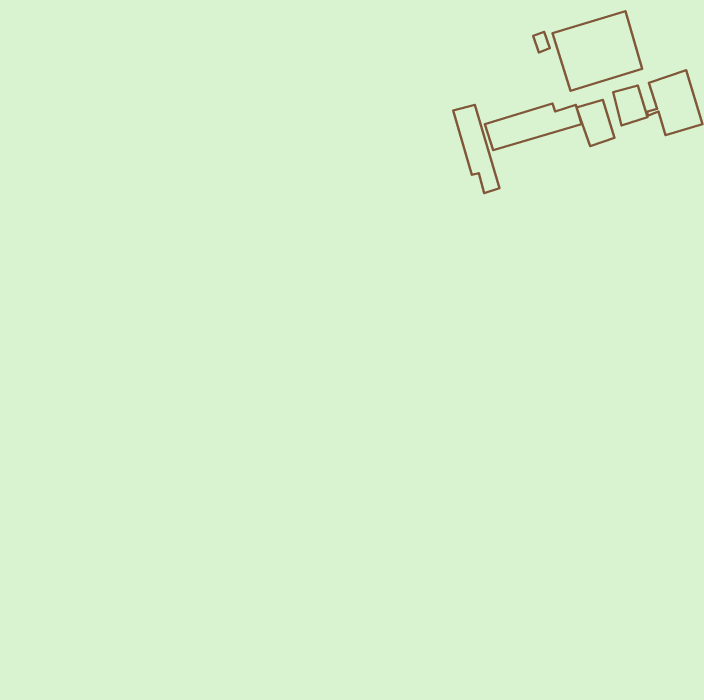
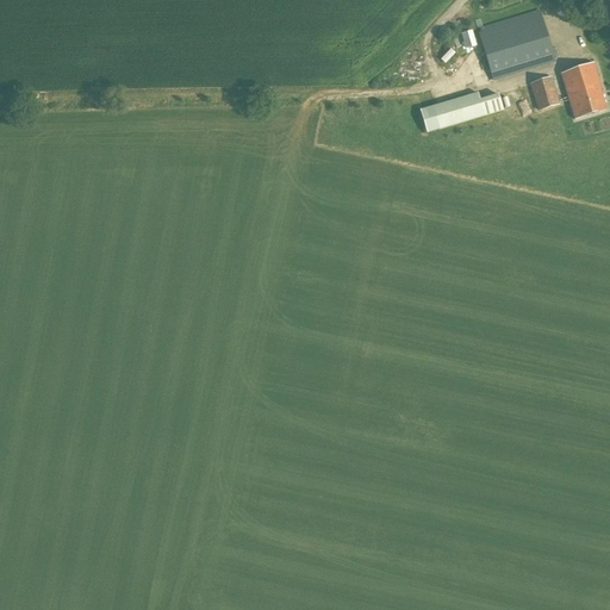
building: [577,100,615,146] -> none
building: [453,105,500,193] -> none

